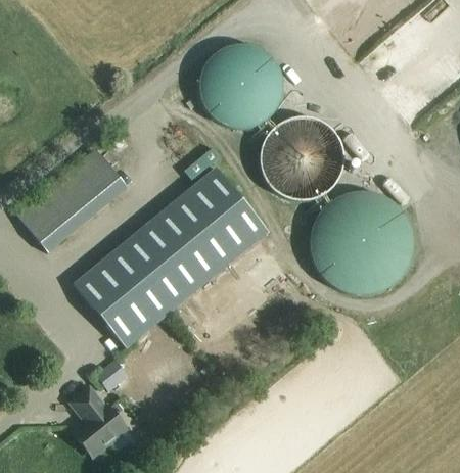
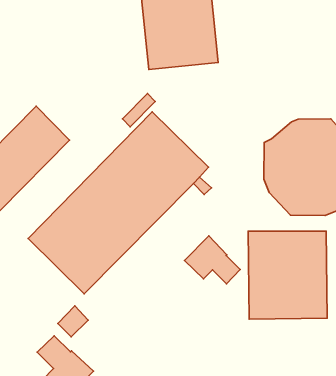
building: [263,110,360,208] -> none
building: none -> [248,231,327,319]
building: none -> [185,236,240,284]

